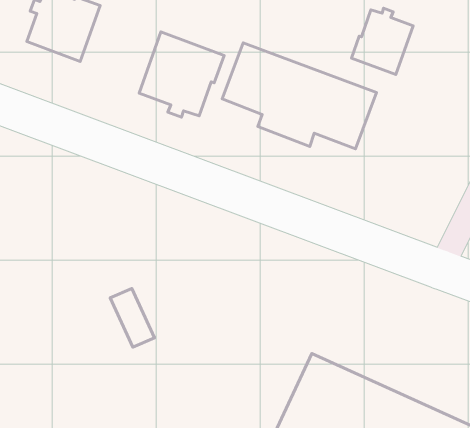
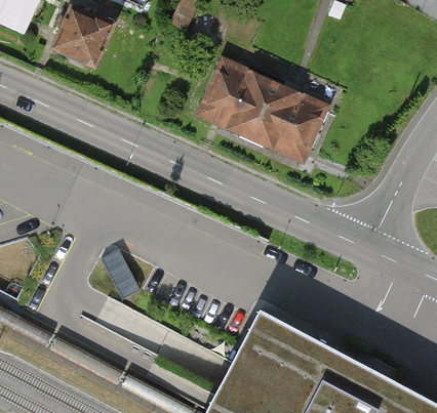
building: [351,8,413,75] -> none
building: [139,32,224,117] -> none

